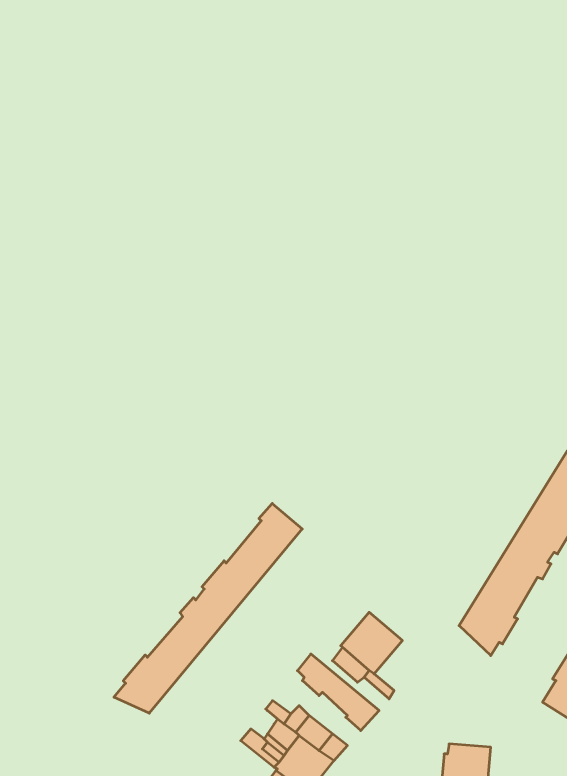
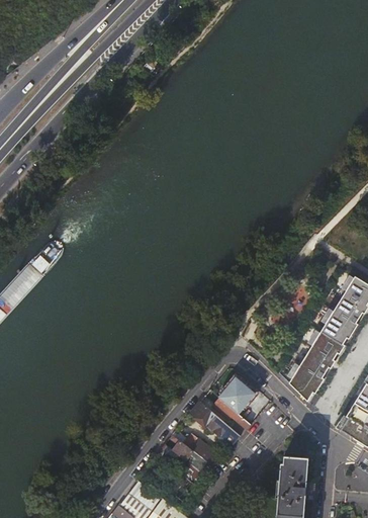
building: [114,503,302,713] -> none

